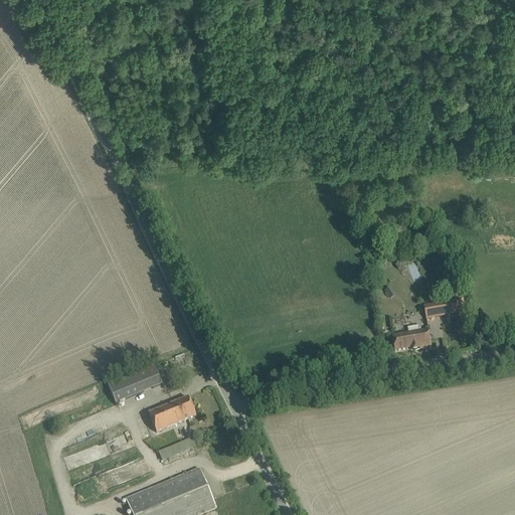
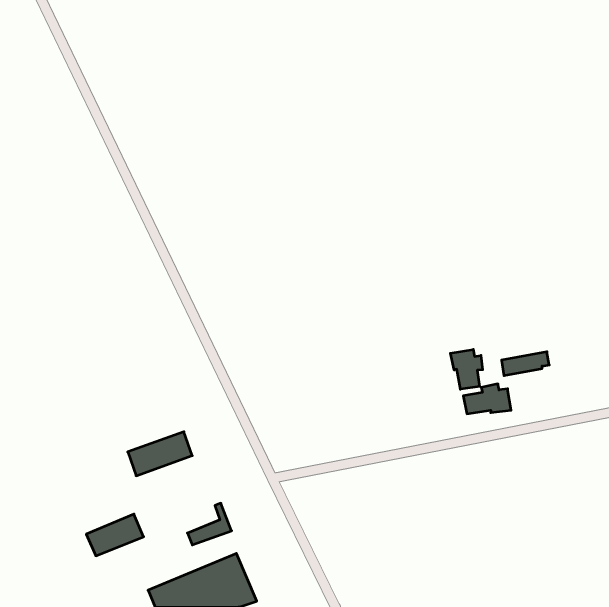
building: none -> [450,349,483,389]
building: [147,395,195,431] -> [86,514,144,556]

